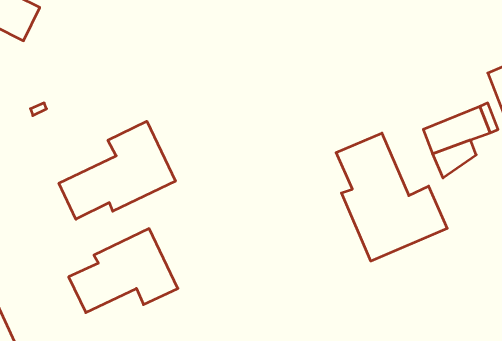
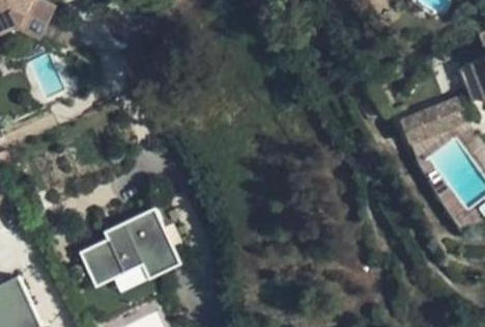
building: [59,121,175,219] -> none
building: [336,133,447,261] -> none

